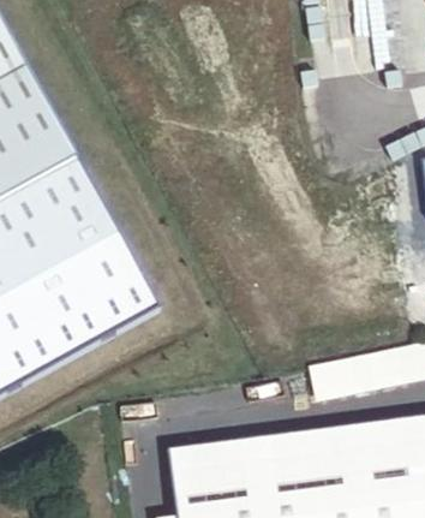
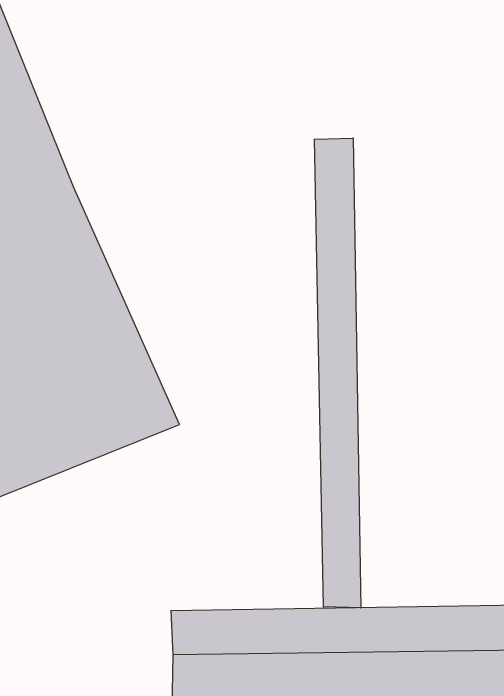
building: none -> [314,138,361,608]

